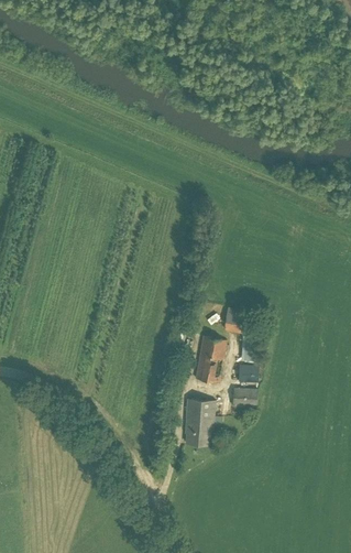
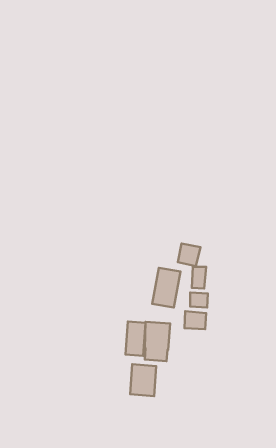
building: none -> [126,322,146,356]
building: none -> [130,364,156,396]

